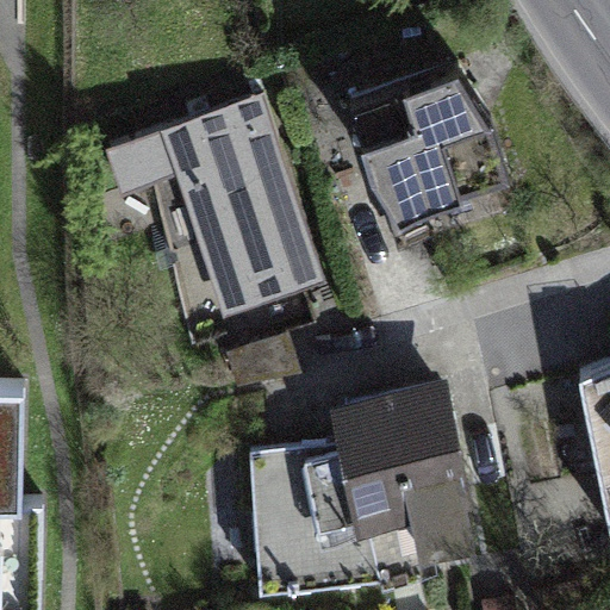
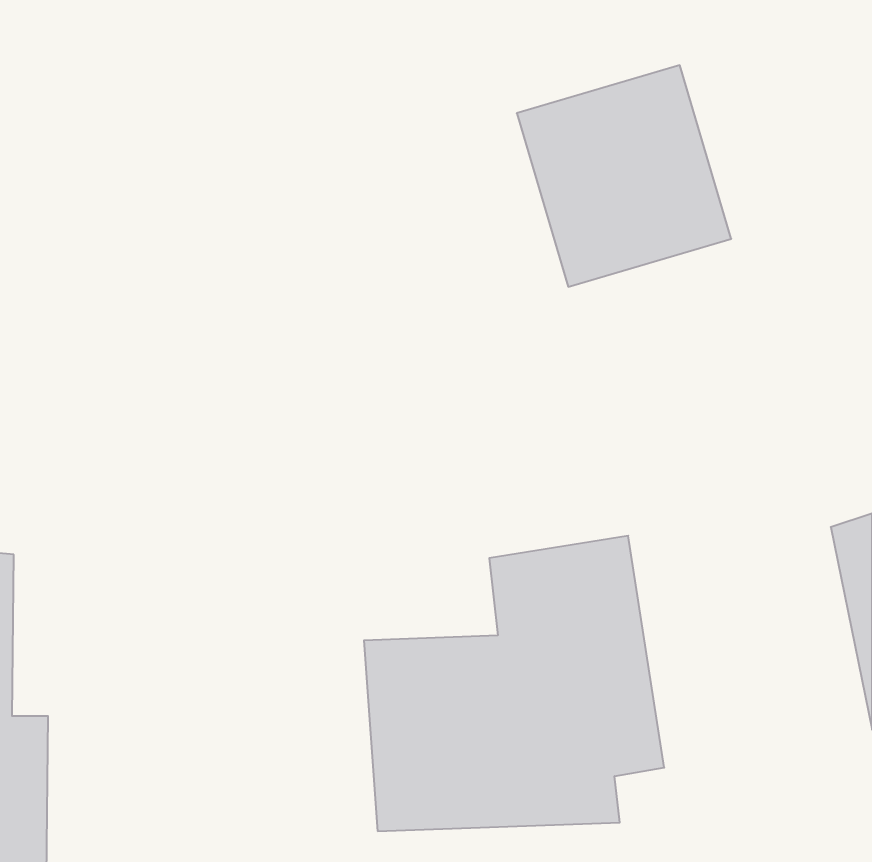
building: [108,98,320,319] -> none

